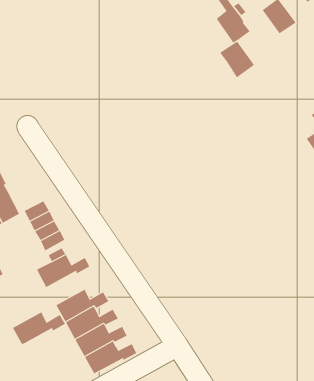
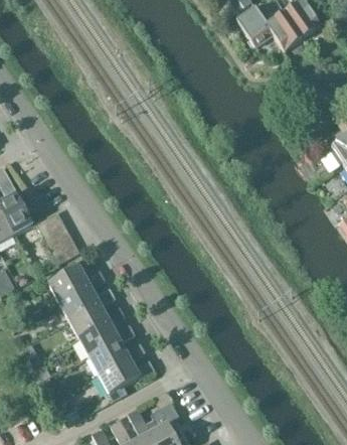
building: [219,41,255,78] -> [267,11,304,50]
building: [12,311,66,345] -> [59,285,116,320]

